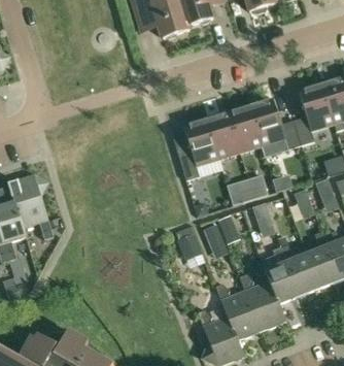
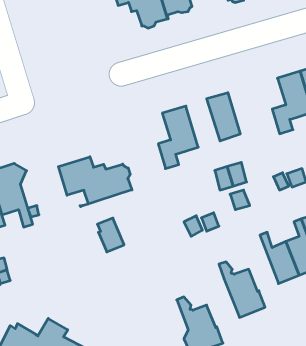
building: [249,96,301,148] -> none
building: [207,109,241,158] -> none
building: none -> [58,157,132,207]
building: [176,225,203,259] -> [97,218,124,252]
building: [266,246,300,303] -> none
building: [215,282,261,339] -> none

